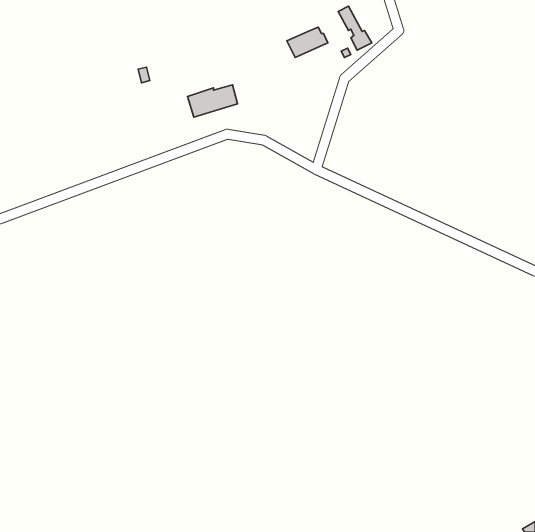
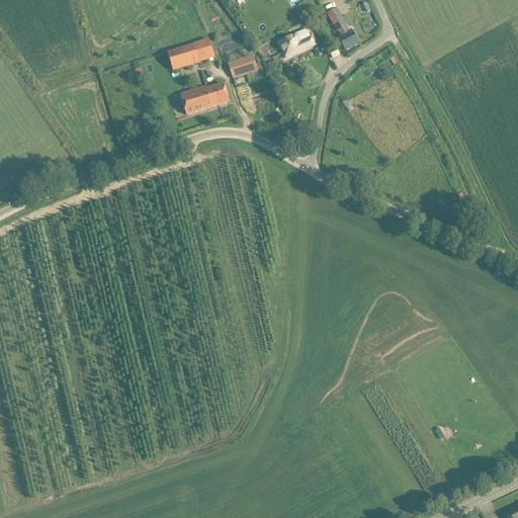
building: none -> [168,37,214,69]
building: none -> [228,54,258,77]

